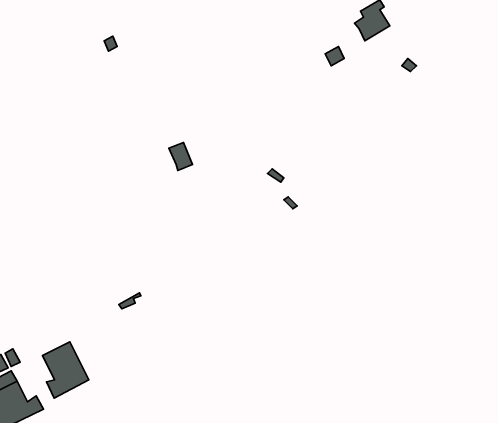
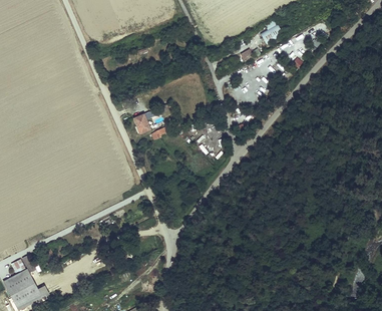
building: [42,342,89,398] -> none

